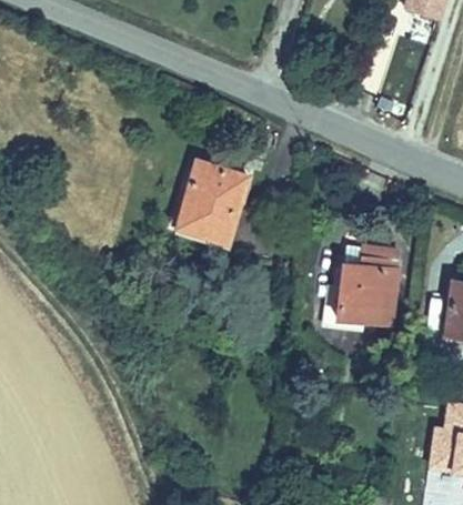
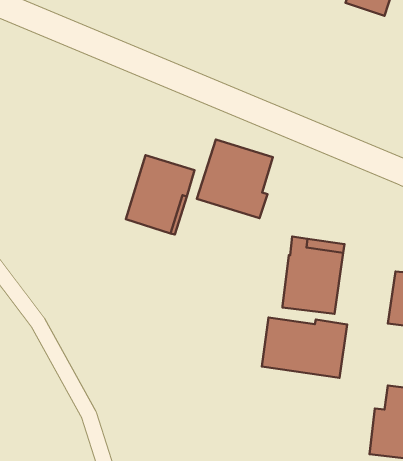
building: none -> [197,139,273,218]
building: none -> [262,318,347,378]

